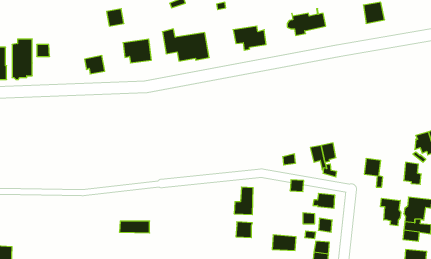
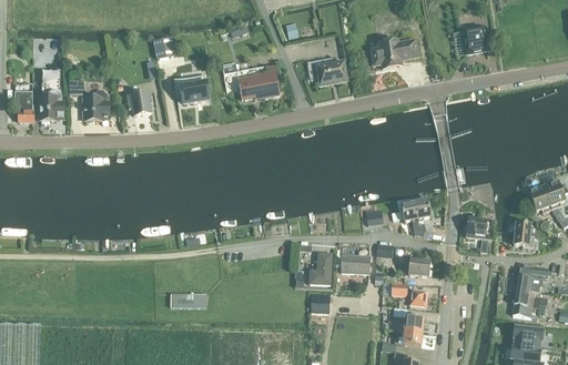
building: none -> [83,90,109,122]
building: [381,198,401,226] -> none
building: [272,235,296,250] -> [341,254,369,273]

